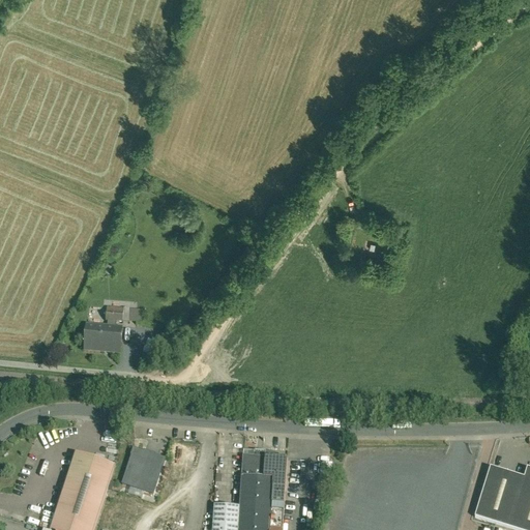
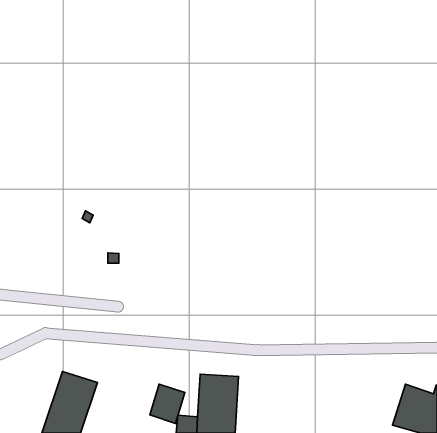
building: [85,304,123,352] -> none
building: [121,445,164,493] -> [150,384,185,423]

